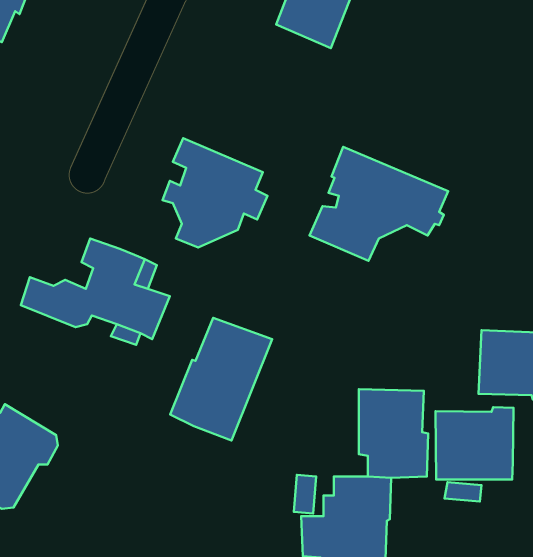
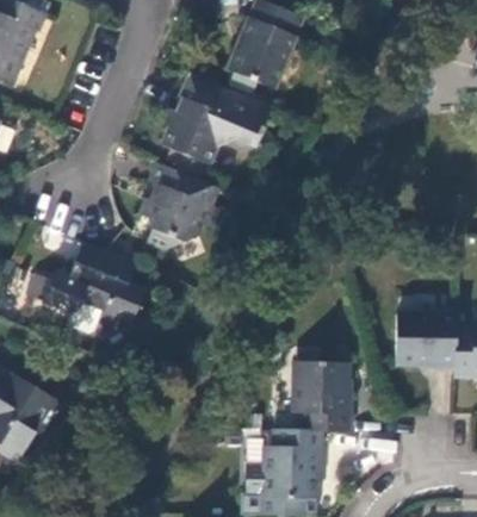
building: [309,147,448,261] -> [162,70,274,162]
building: [170,318,272,440] -> none
building: [436,407,513,480] -> none

